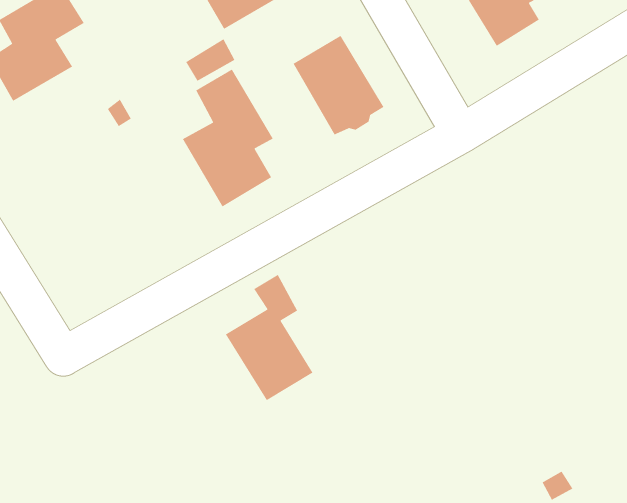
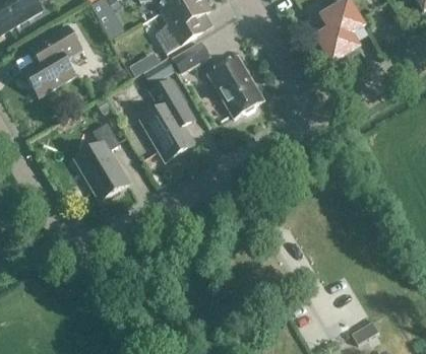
building: none -> [172,41,208,71]
building: [225,274,313,401] -> [74,121,128,198]

